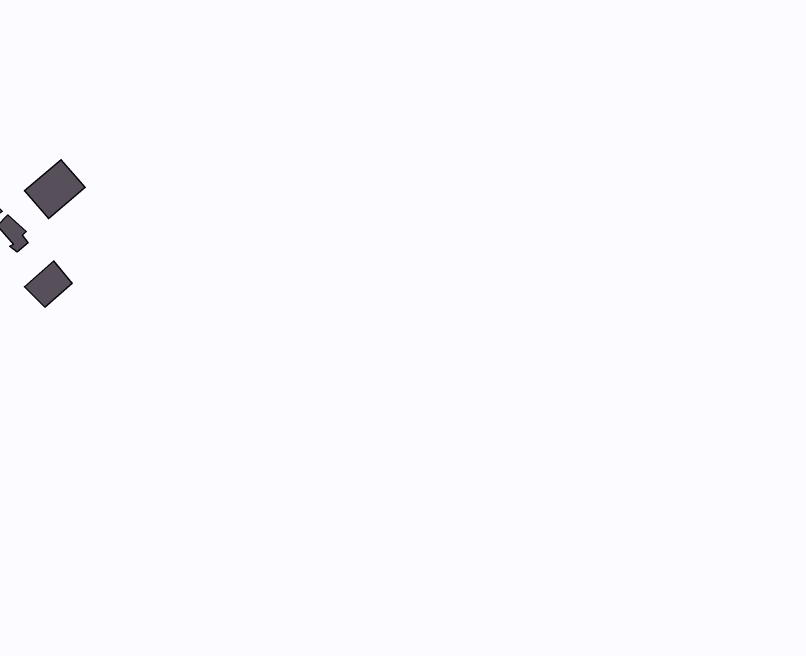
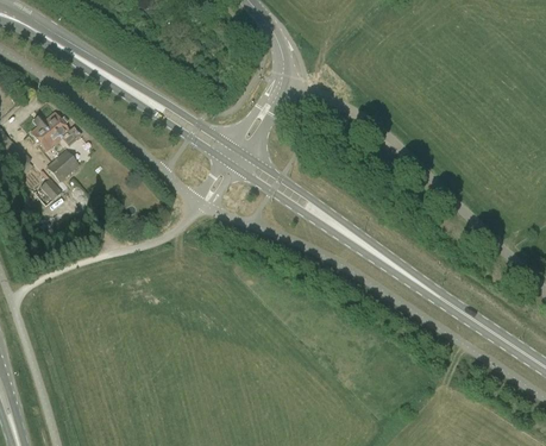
building: none -> [46,149,80,181]

